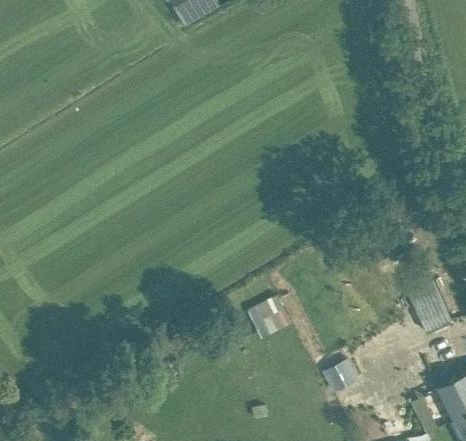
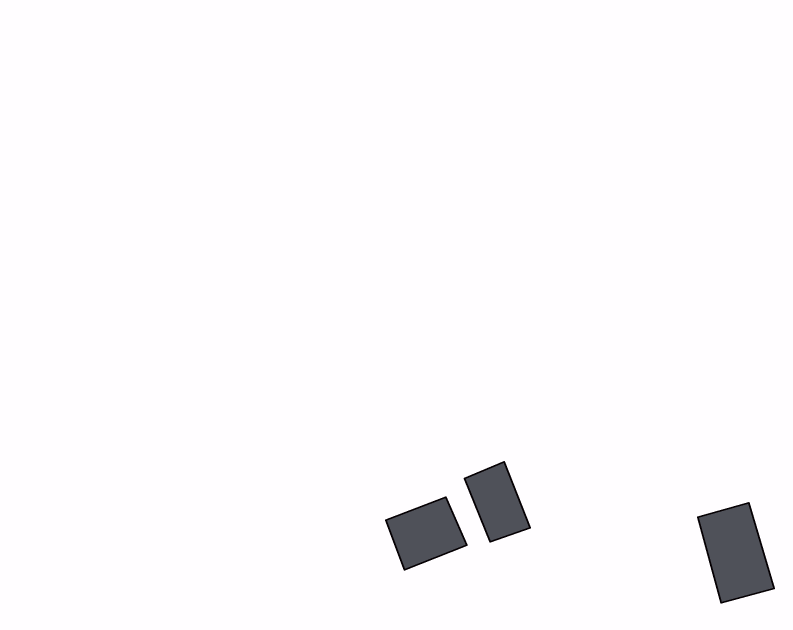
building: none -> [465,462,530,542]

